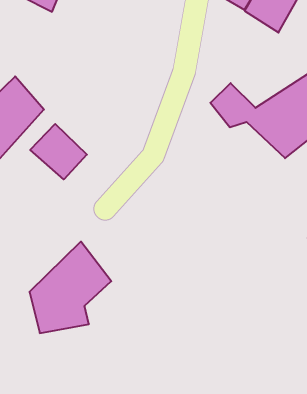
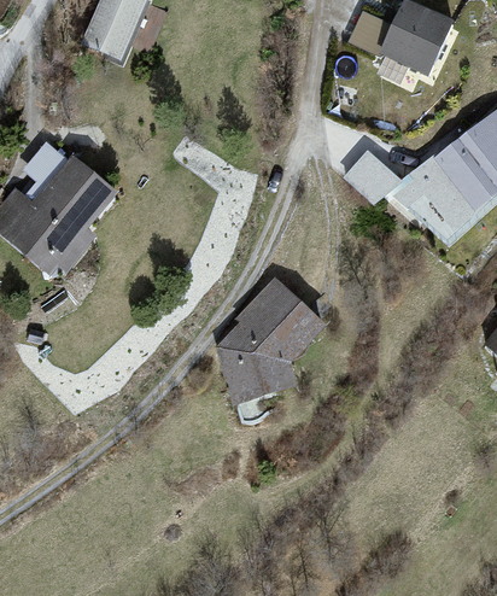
building: [30,124,87,179] -> none
building: [29,242,111,333] -> [216,279,324,404]

